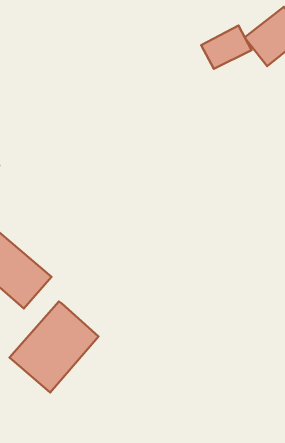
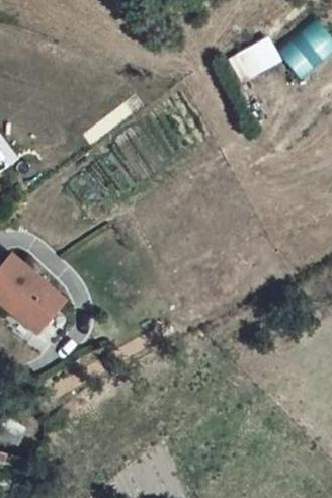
building: [9,301,99,392] -> none

